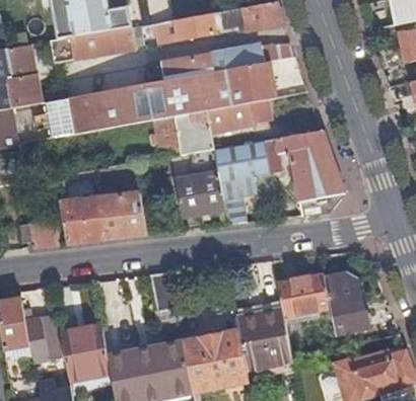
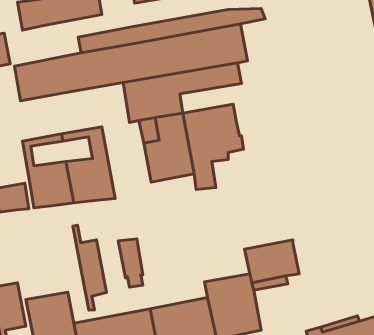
building: [264,131,344,216] -> none
building: none -> [73,225,106,310]
building: [323,272,367,333] -> none

